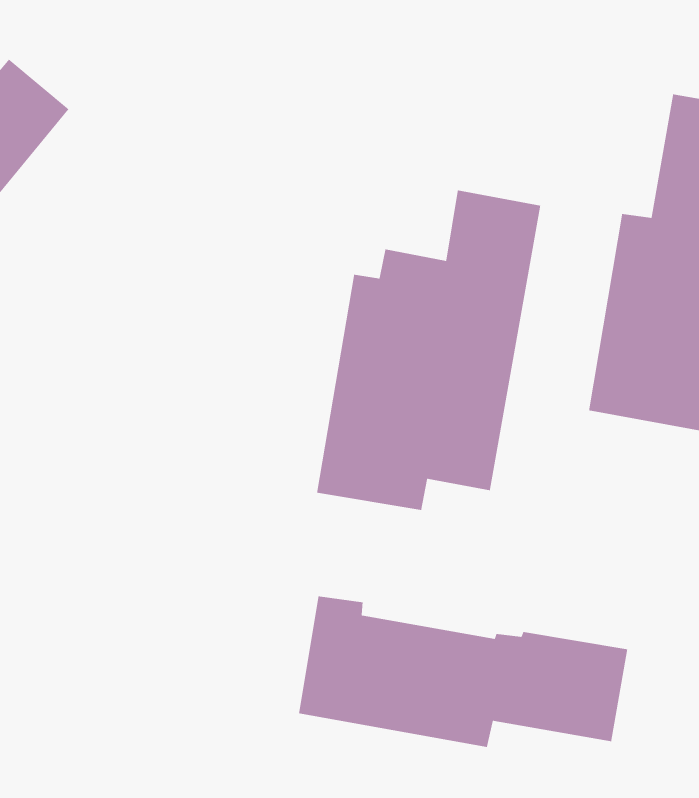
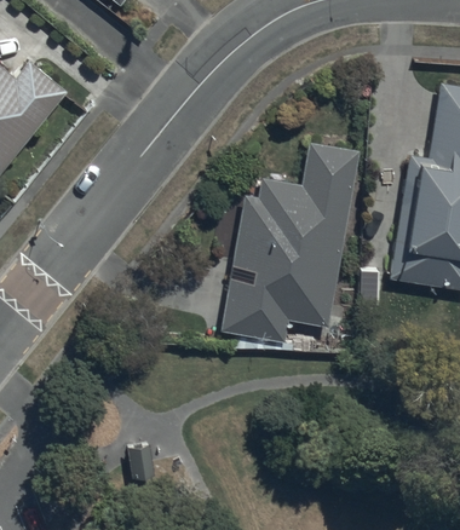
building: [298,595,628,748] -> none

